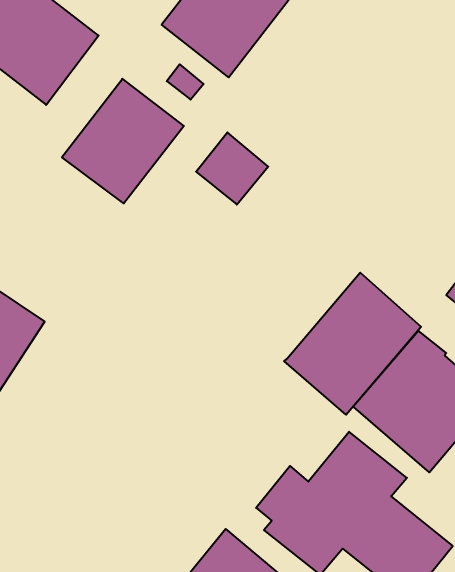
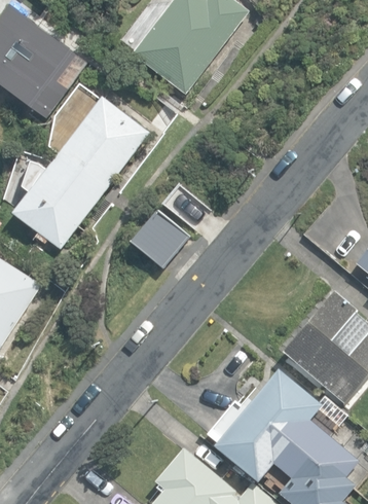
building: [196,132,268,205] -> [131,210,187,266]
building: none -> [14,156,103,250]
building: [284,273,421,415] -> none

